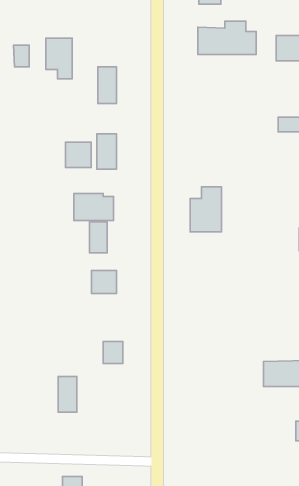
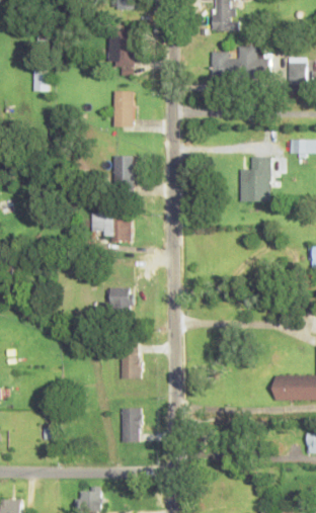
building: [46,38,72,79] -> [108,35,134,75]
building: [66,142,91,168] -> none
building: [190,187,221,232] -> [241,158,271,201]
building: [90,222,107,253] -> none
building: [58,377,77,412] -> [120,408,138,442]

